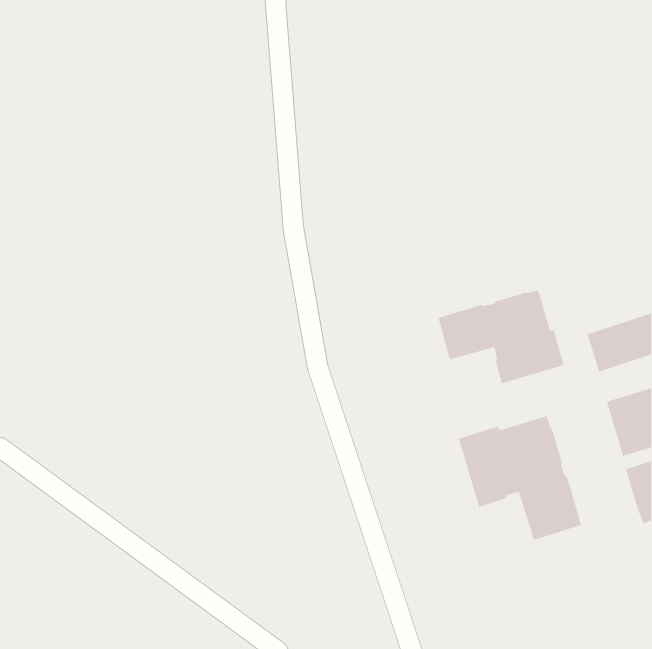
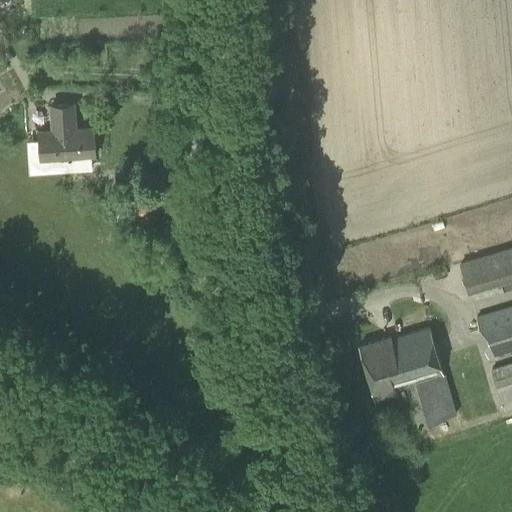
building: none -> [40,105,95,160]
building: [438,289,564,384] -> none

